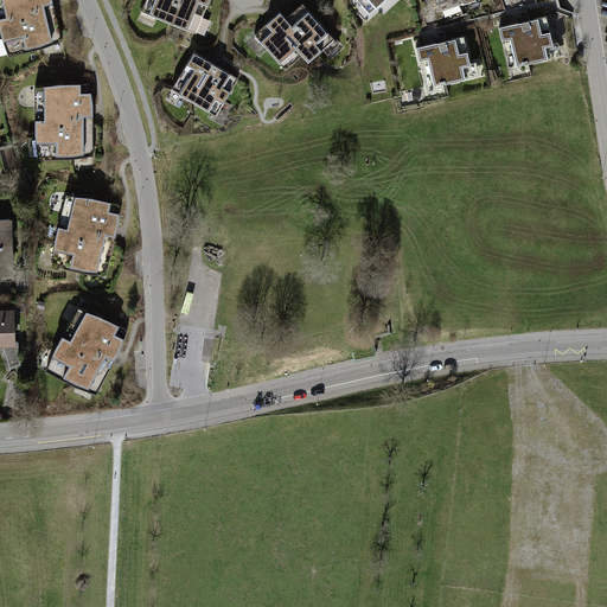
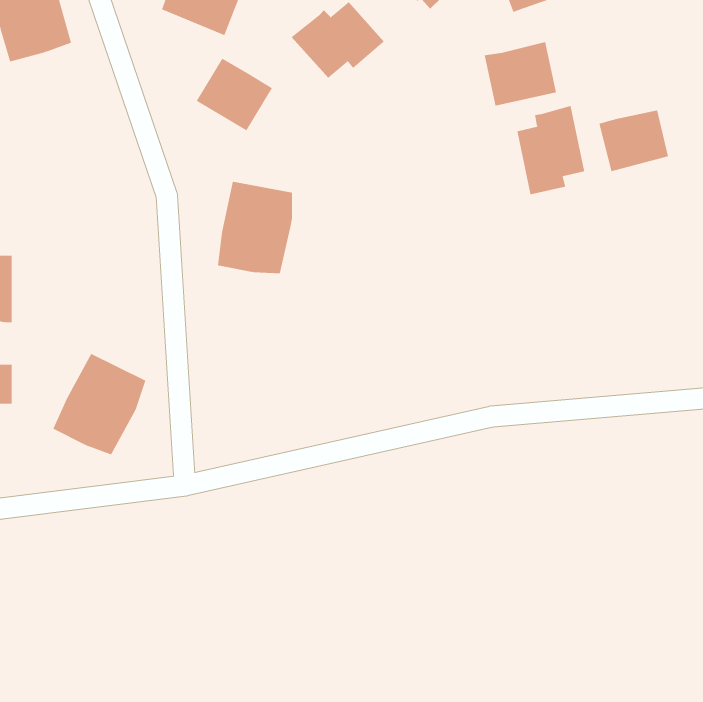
building: [500,15,561,69] -> [599,110,669,172]
building: [33,81,92,156] -> none
building: none -> [517,105,585,195]
building: [52,191,117,270] -> [217,181,293,274]

